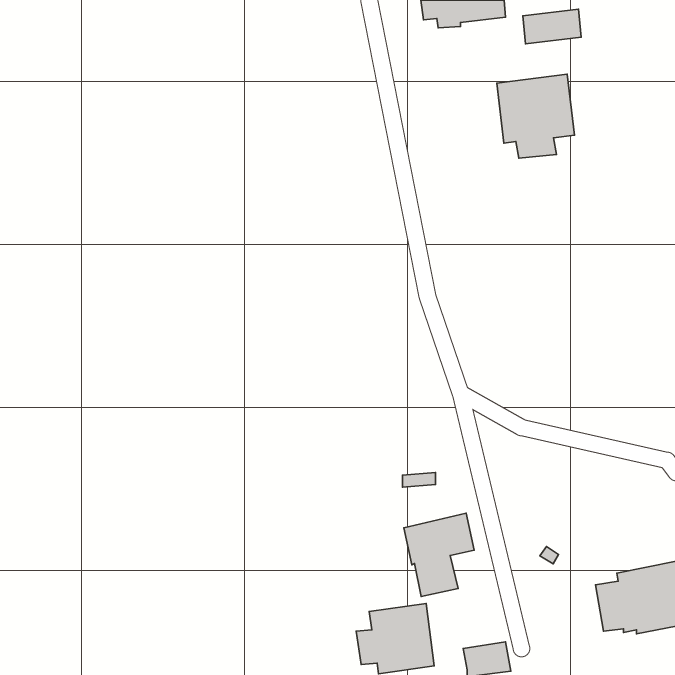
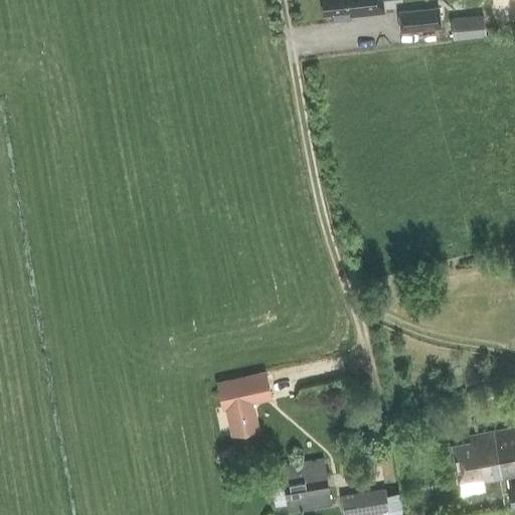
building: none -> [452,15,487,40]
building: [497,74,574,158] -> none
building: [404,513,474,597] -> [218,372,272,436]

